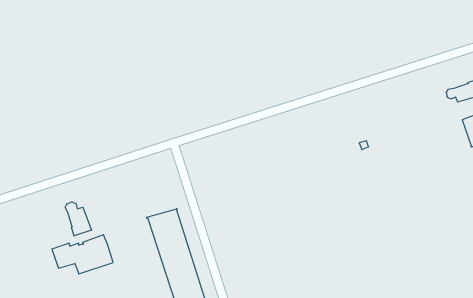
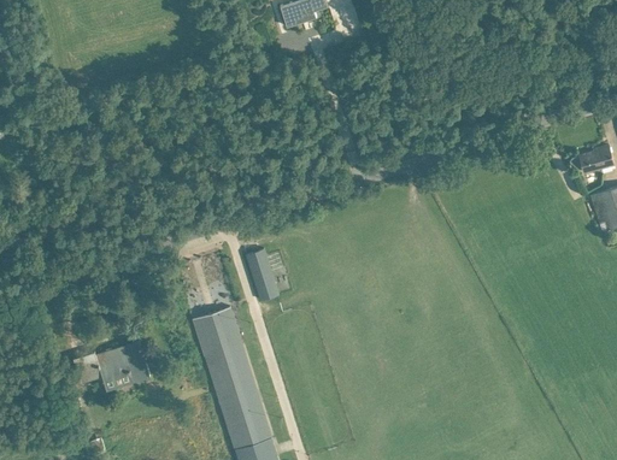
building: none -> [246,248,278,300]
building: [65,202,91,236] -> none

